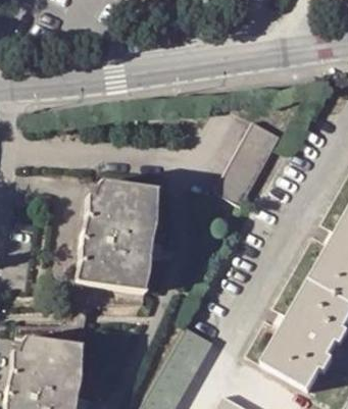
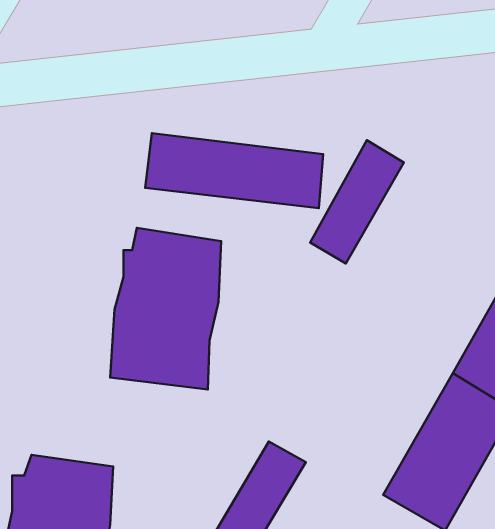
building: none -> [145,133,323,208]

